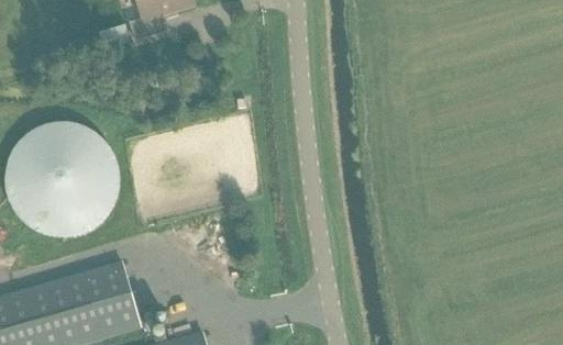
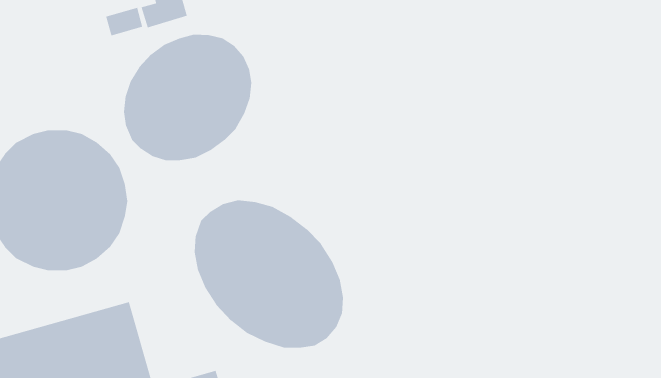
building: none -> [123,34,252,161]
building: none -> [194,200,344,349]

